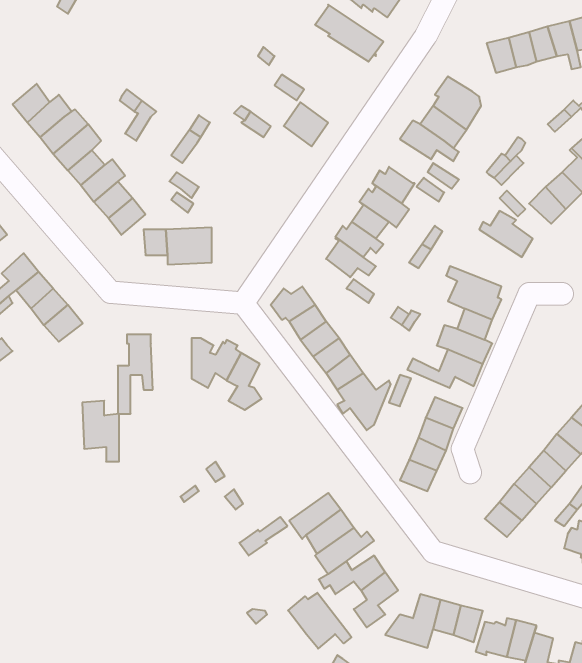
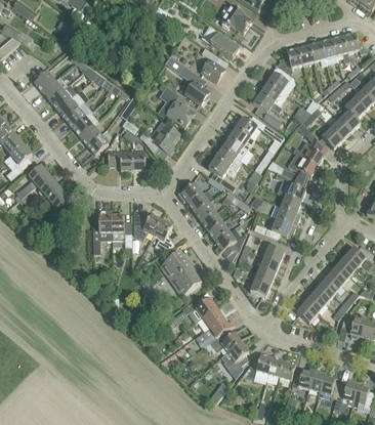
building: none -> [200,47,224,82]
building: none -> [276,47,302,74]
building: none -> [157,100,194,127]
building: none -> [139,121,179,153]
building: none -> [280,151,317,182]
building: [82,401,119,462] -> [111,213,131,247]
building: none -> [159,251,201,295]
building: [288,593,351,649] -> none

